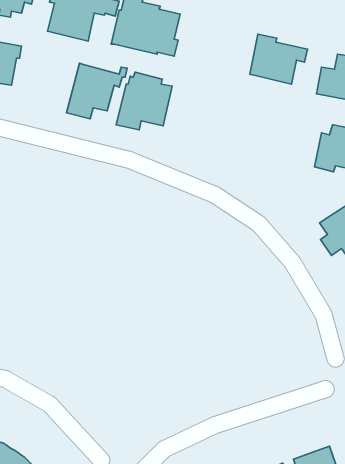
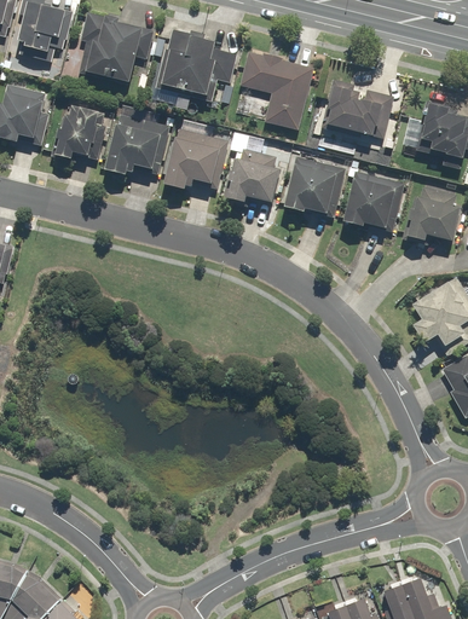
building: none -> [242,51,313,129]
building: none -> [52,106,99,161]
building: none -> [223,147,279,206]
building: none -> [283,157,346,216]
building: none -> [342,172,405,231]

